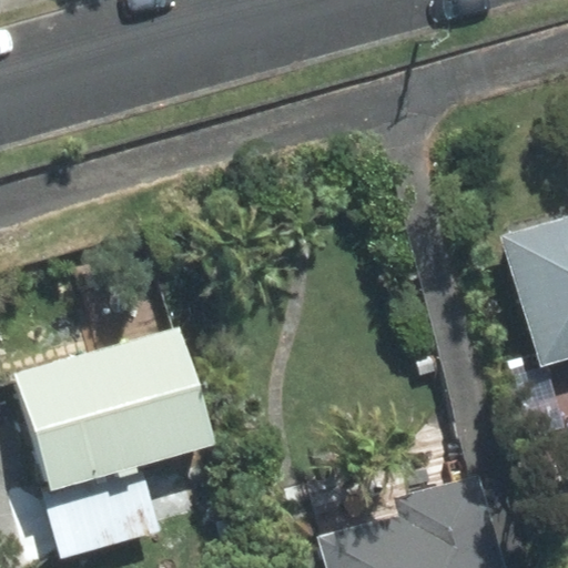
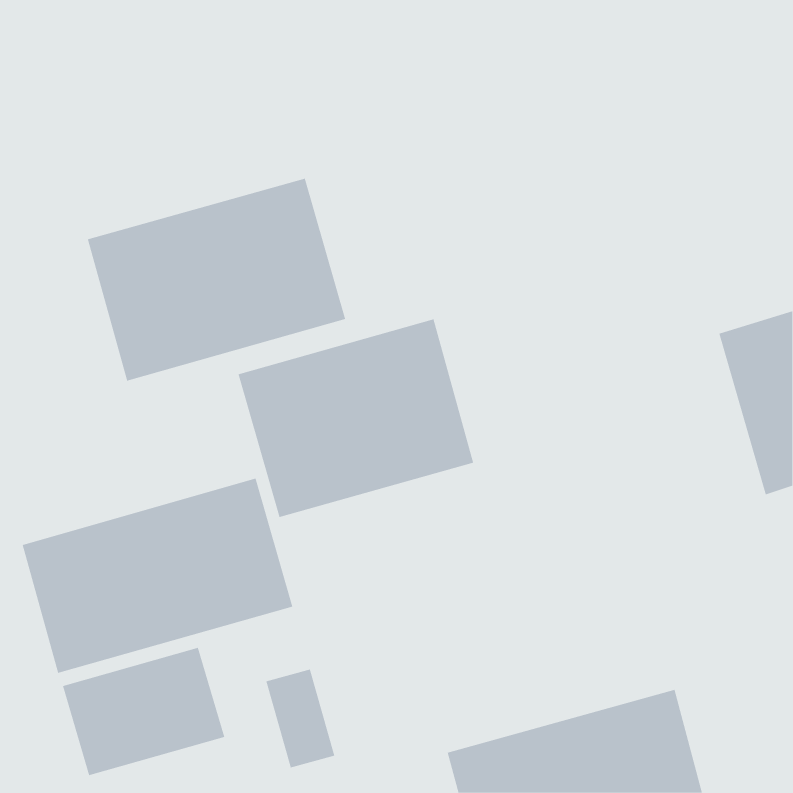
building: none -> [87,178,346,382]
building: none -> [238,318,474,518]

